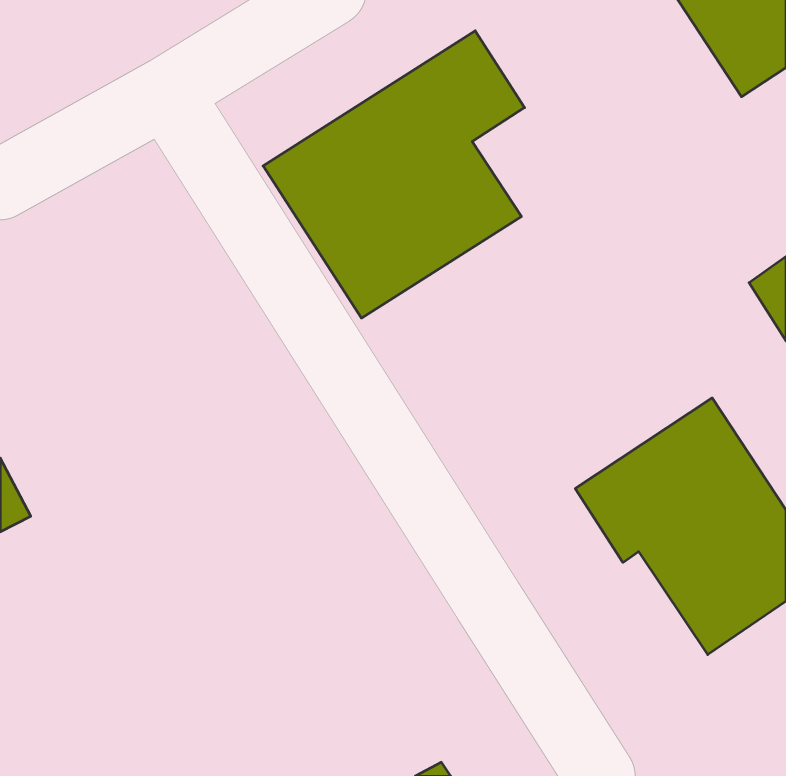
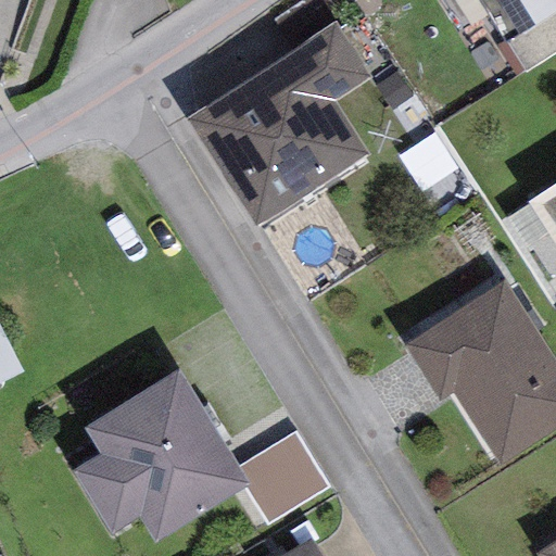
building: none -> [73,371,248,543]
building: none -> [242,429,333,518]

